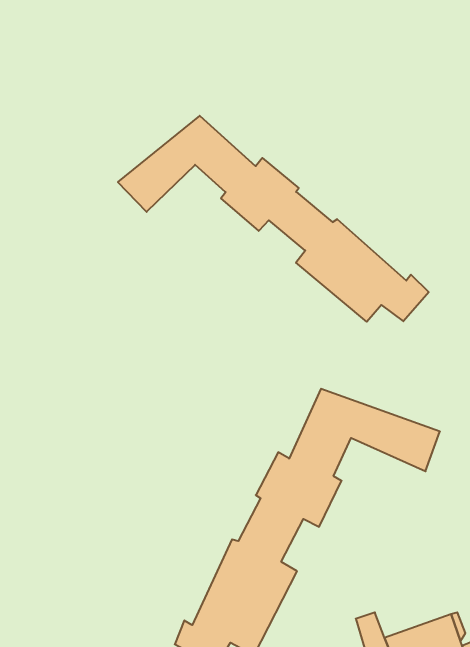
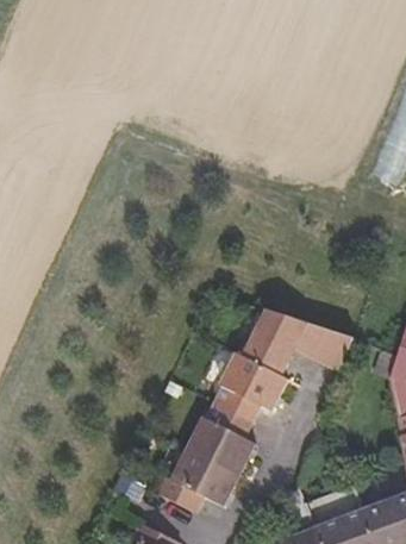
building: [118,116,429,322] -> none

